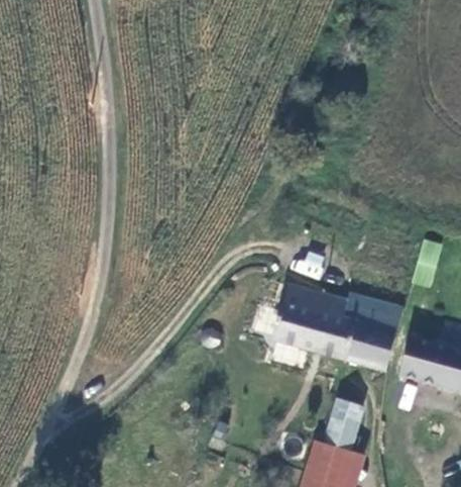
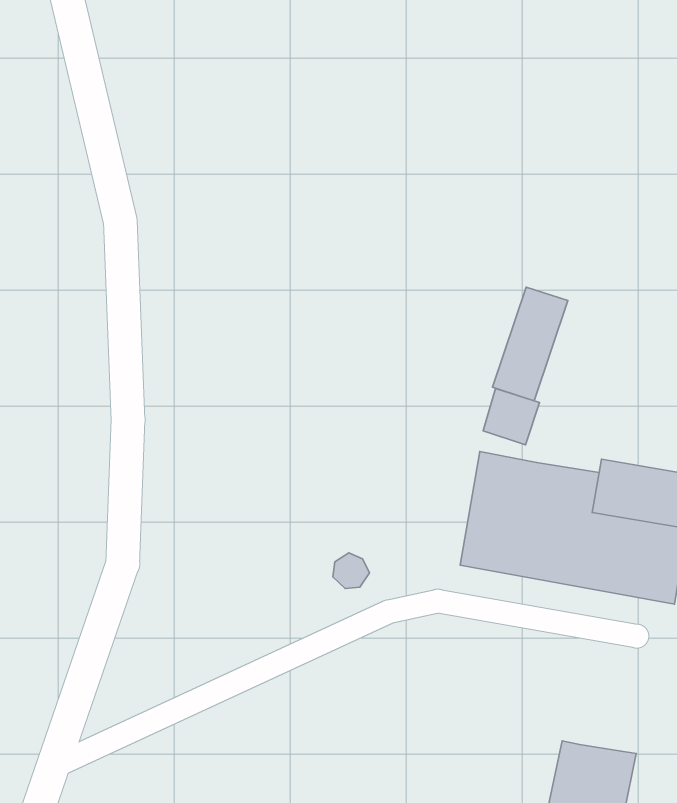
building: none -> [493,287,568,401]
building: [327,401,361,451] -> none

